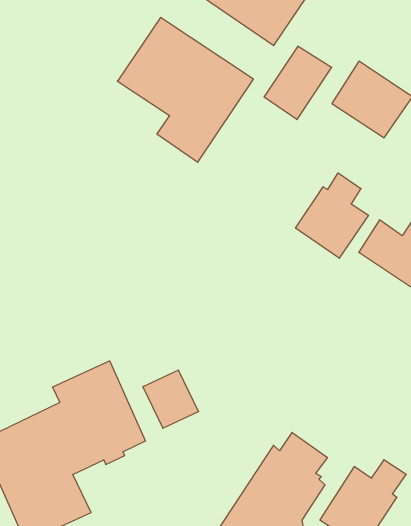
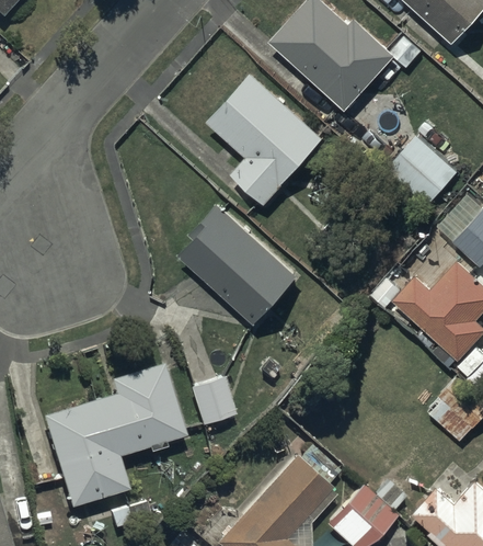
building: [264,46,332,120] -> none
building: none -> [179,204,296,322]
building: [295,173,369,258] -> none

